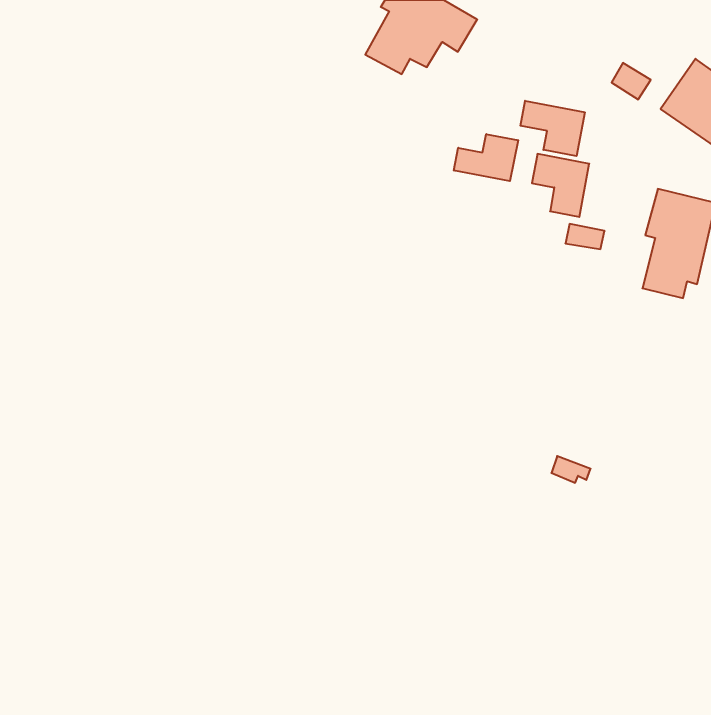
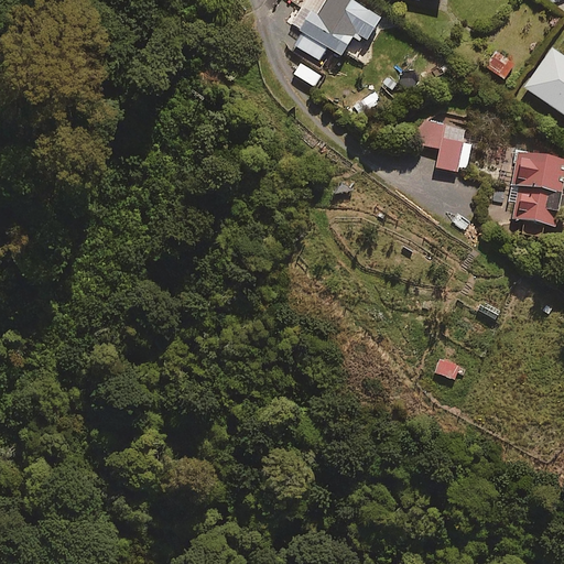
building: [520,101,585,156] -> none
building: [454,134,518,181] -> none

